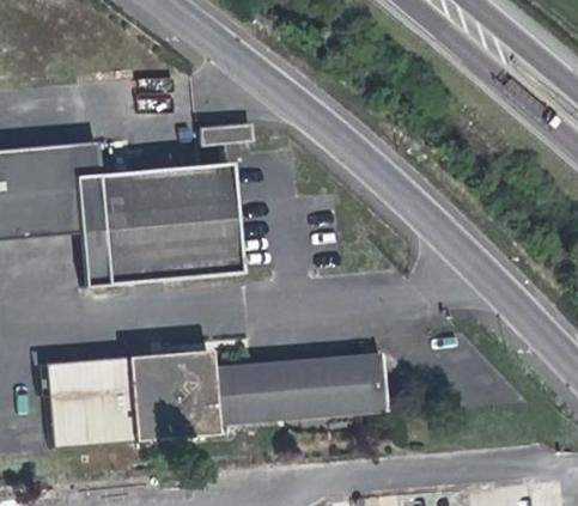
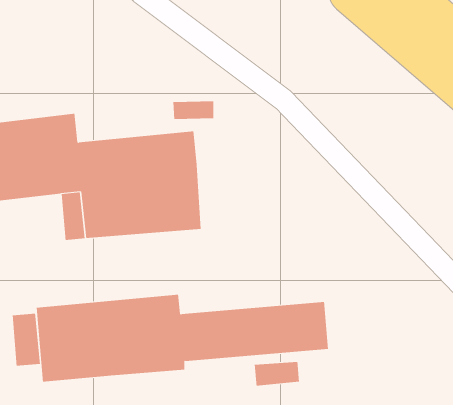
building: none -> [12,313,41,367]
building: none -> [254,361,300,386]

